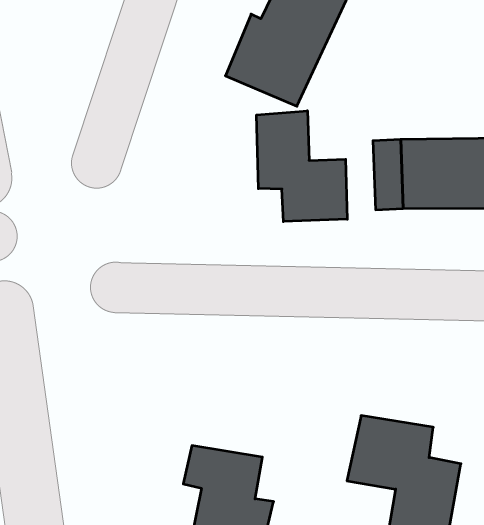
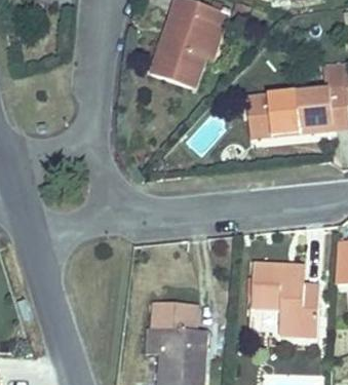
building: [257,111,347,222] -> none

